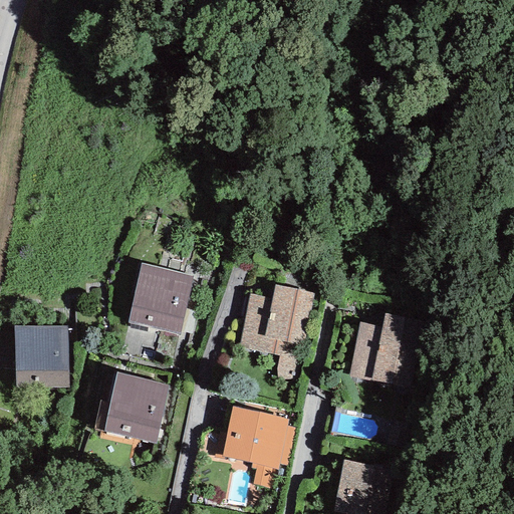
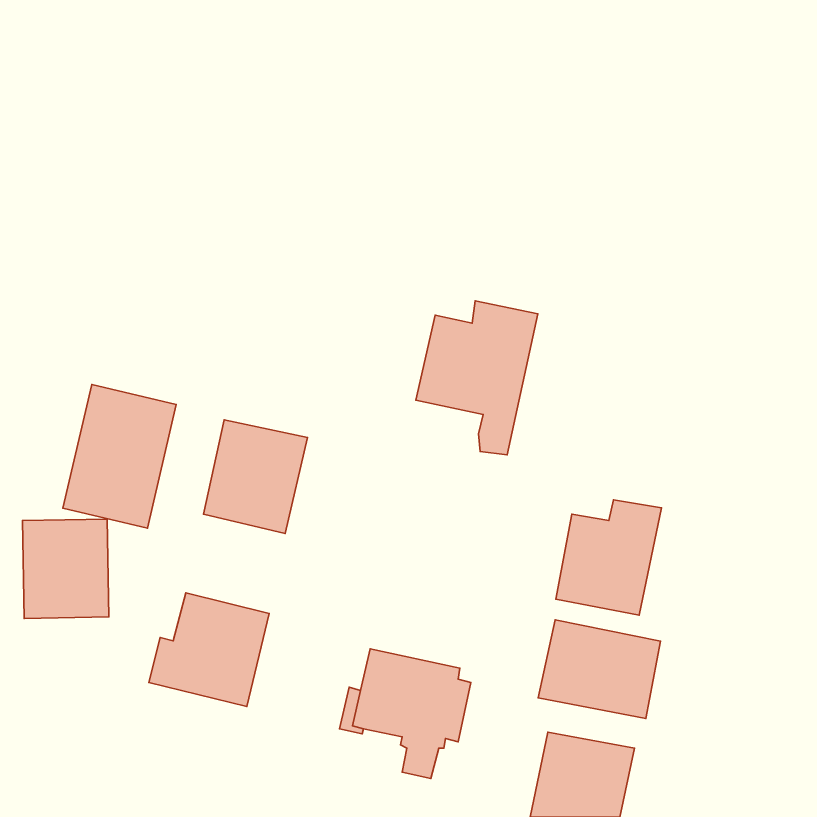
building: none -> [63,385,176,528]
building: [238,284,314,380] -> [416,301,538,455]
building: none -> [538,620,661,718]

